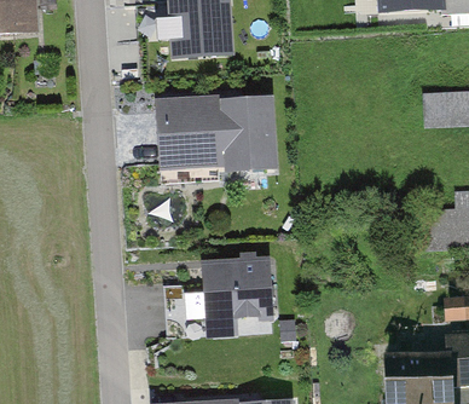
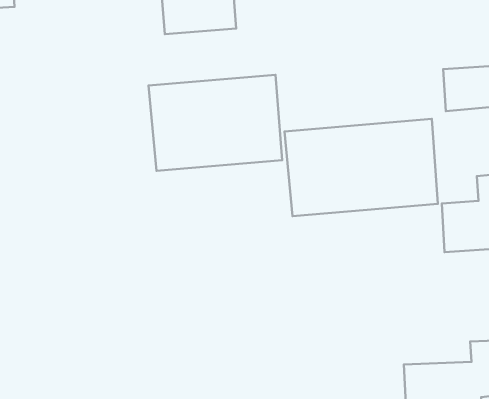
building: none -> [285,119,438,216]
building: [195,262,277,330] -> none

